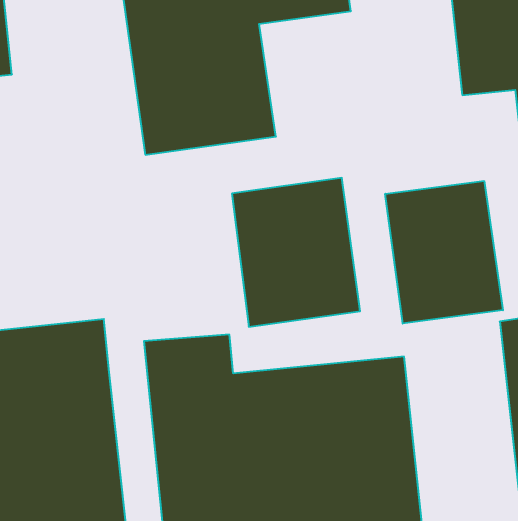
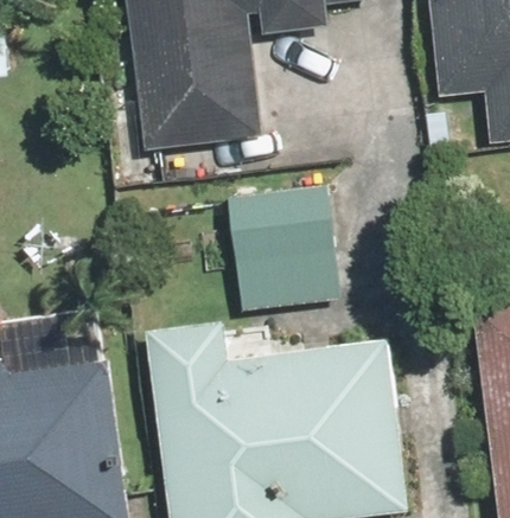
building: [385,181,503,324] -> none

